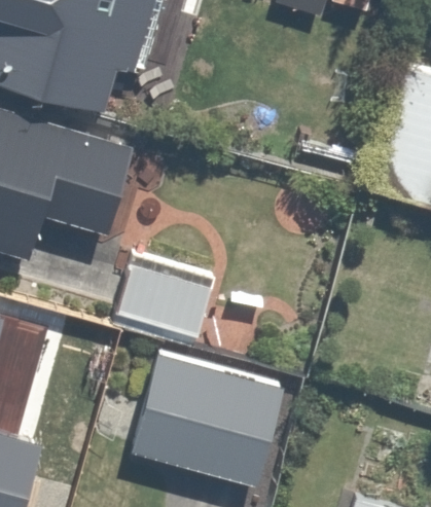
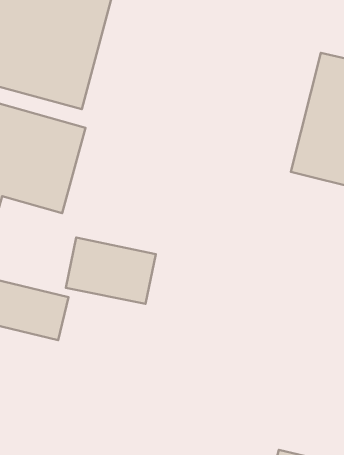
building: [129,356,286,487] -> none

